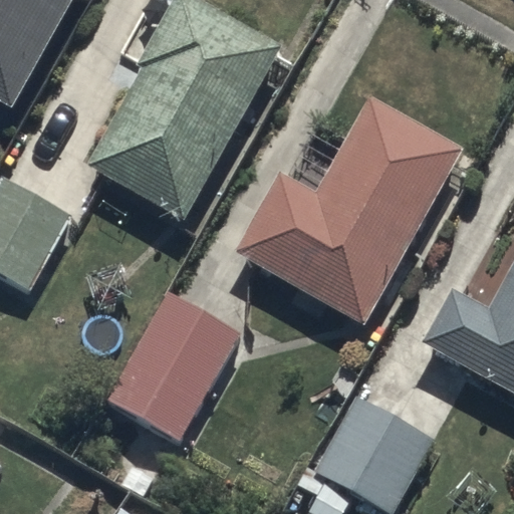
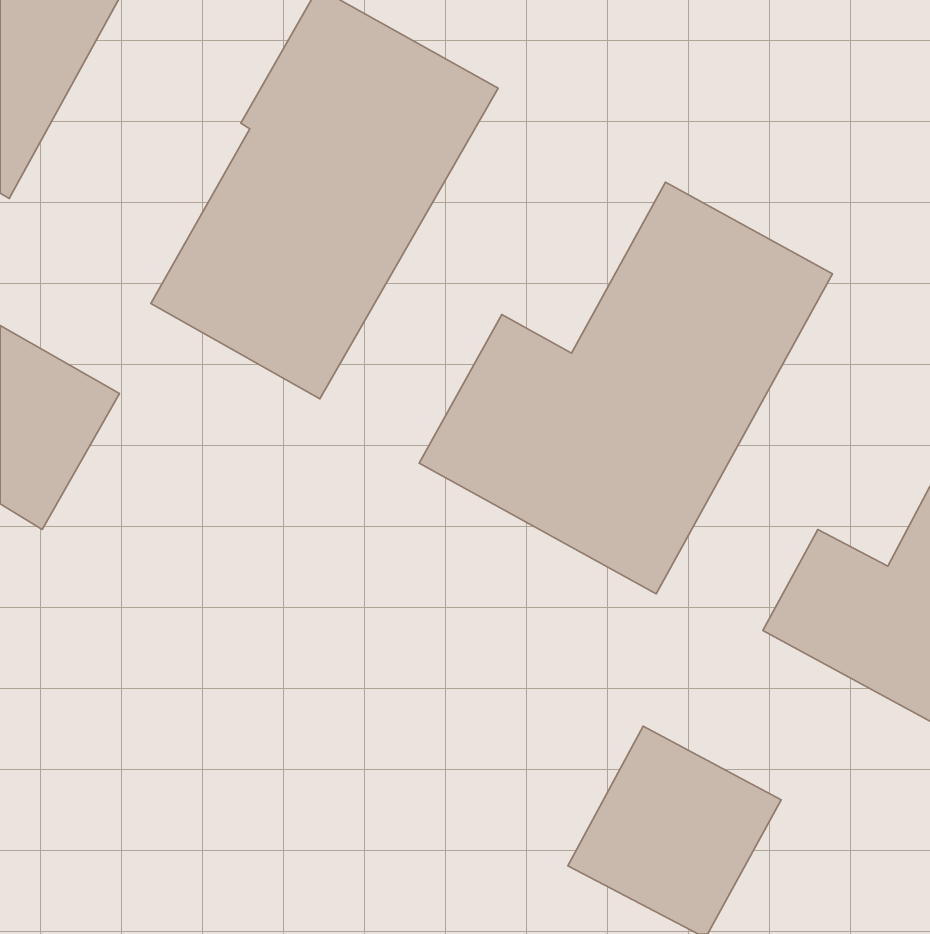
building: [106,290,242,441] -> none

